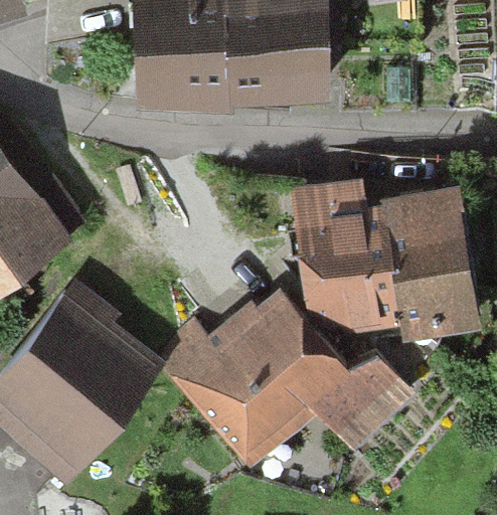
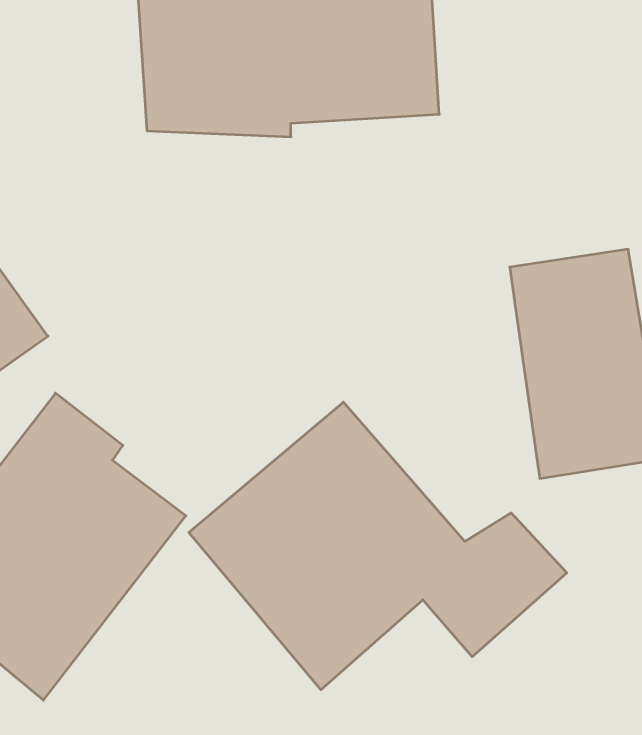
building: [290,178,399,337] -> none

